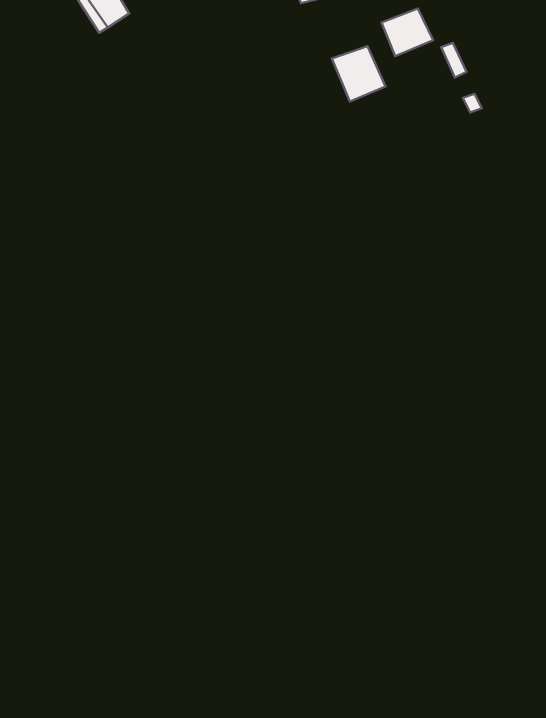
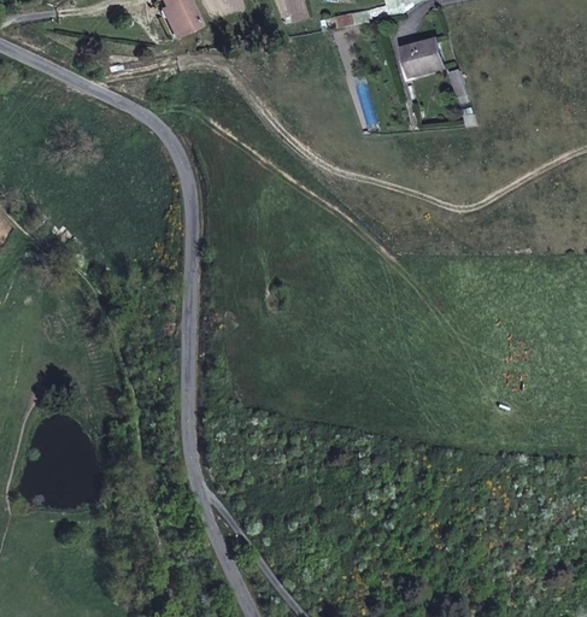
building: [332,46,385,102] -> none

